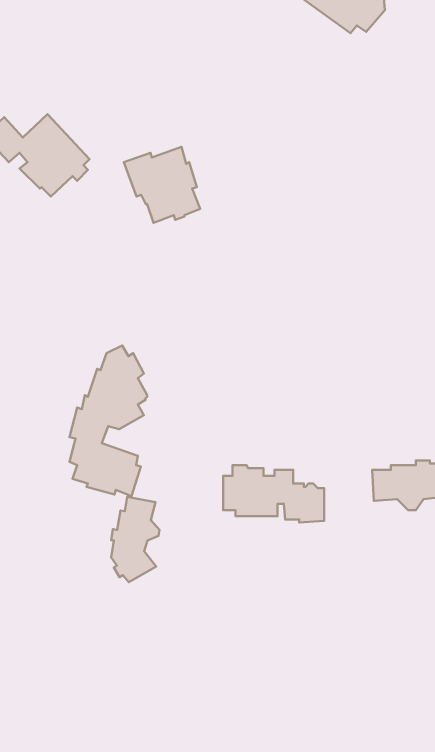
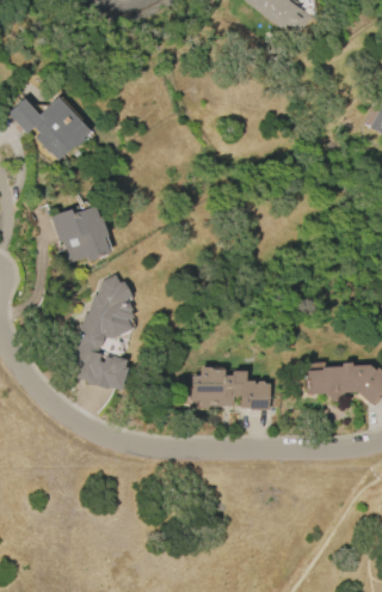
building: [124,147,200,223] -> [50,203,109,262]
building: [111,497,160,582] -> none

